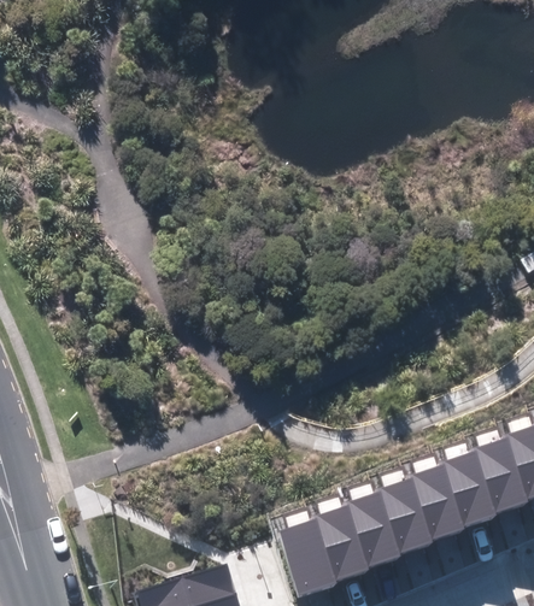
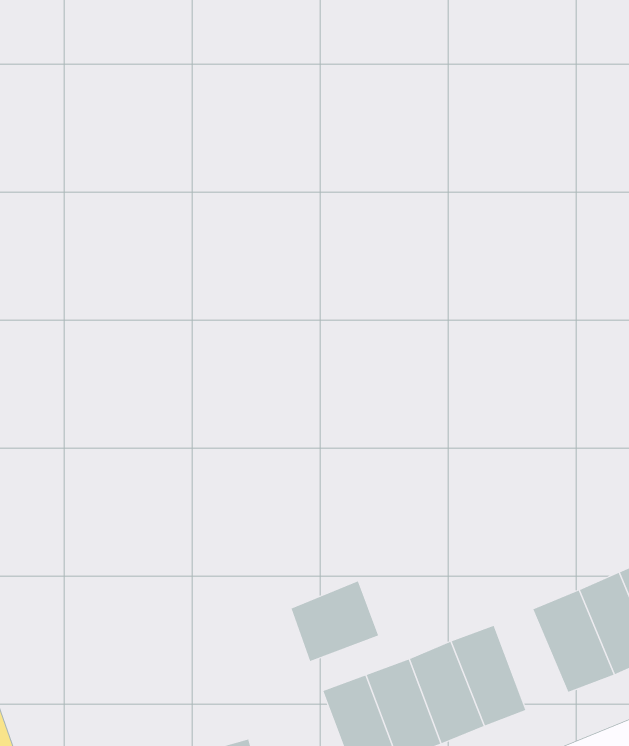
building: none -> [291,581,379,662]
building: [410,466,465,542] -> none

